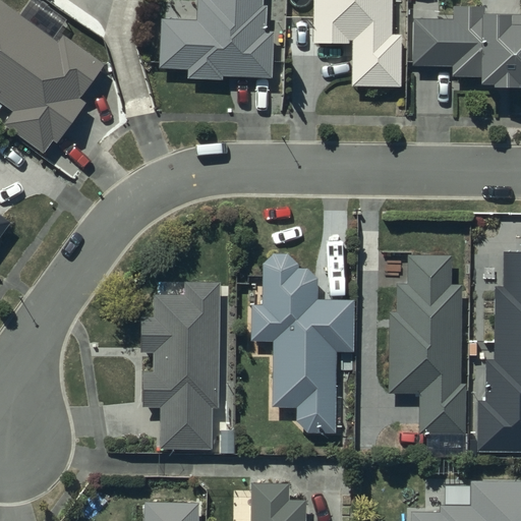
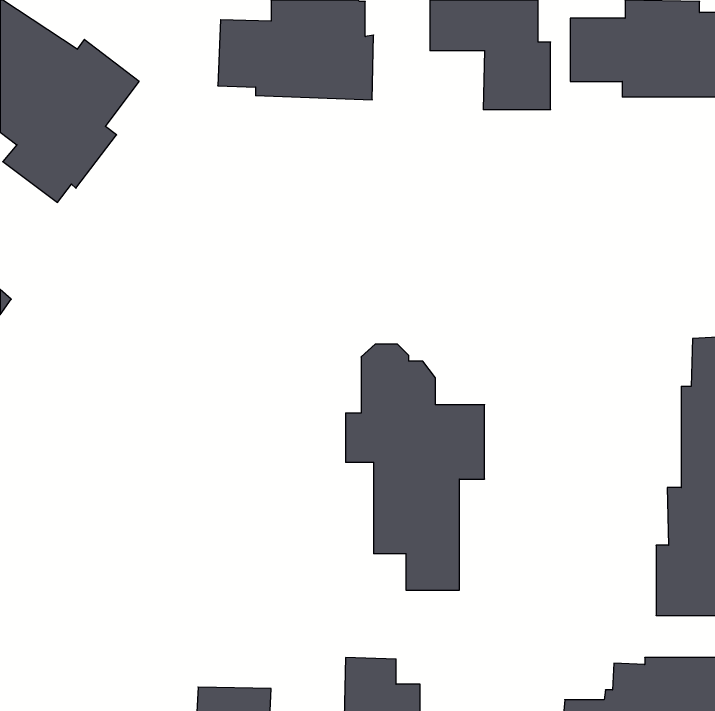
building: [389,255,466,433] -> none
building: [139,283,219,448] -> none

